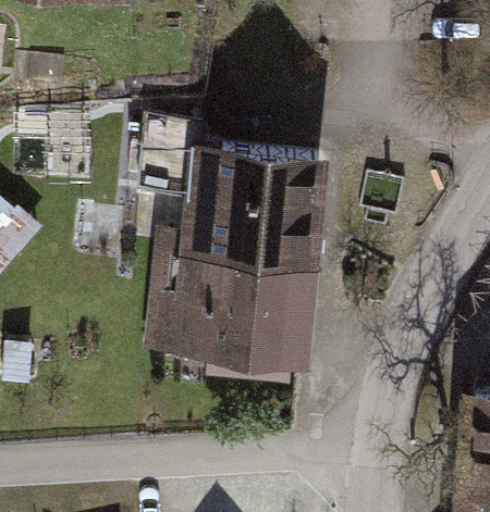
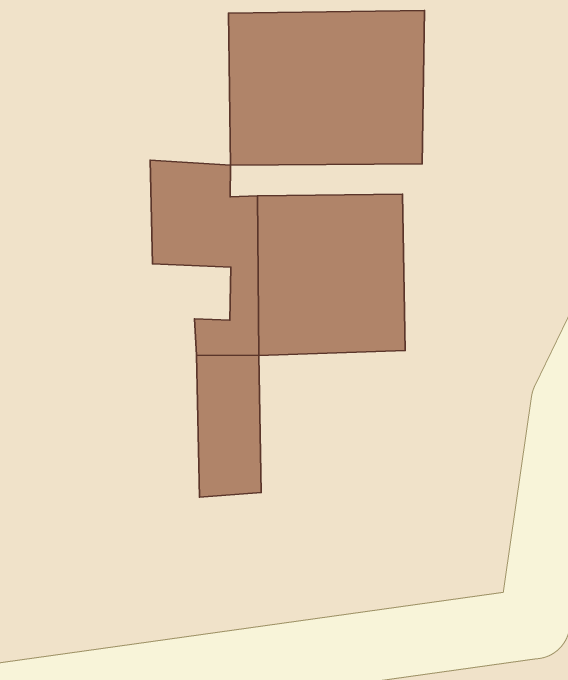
building: none -> [229,11,424,165]
building: [209,265,317,369] -> none

